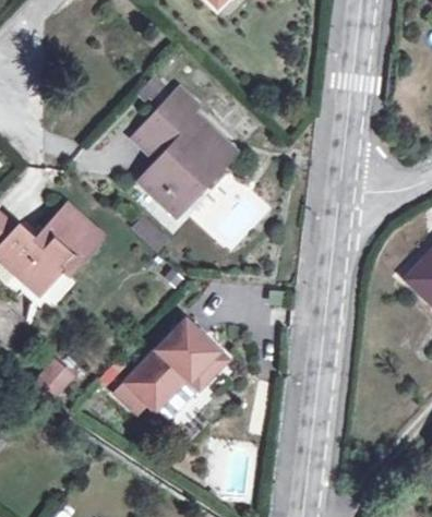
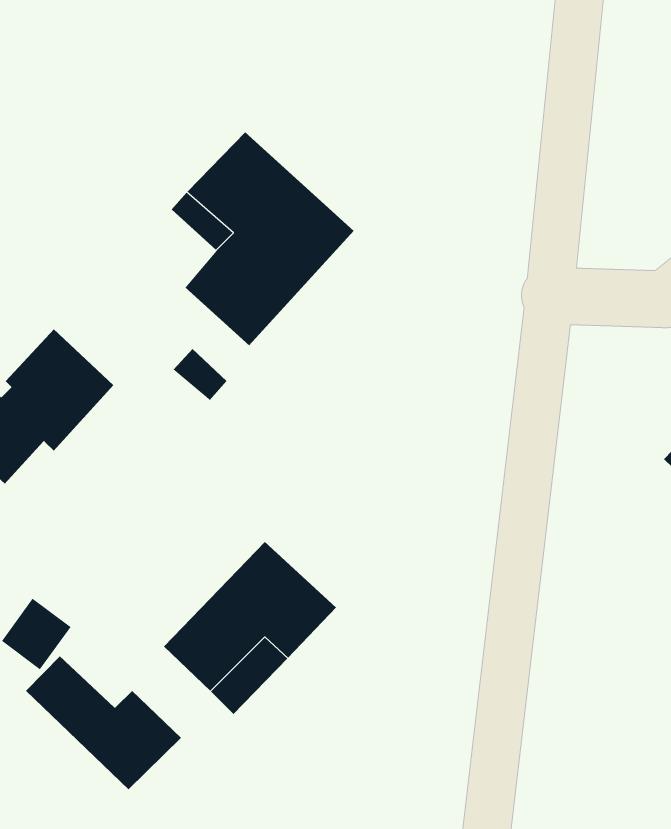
building: none -> [25,655,182,790]

